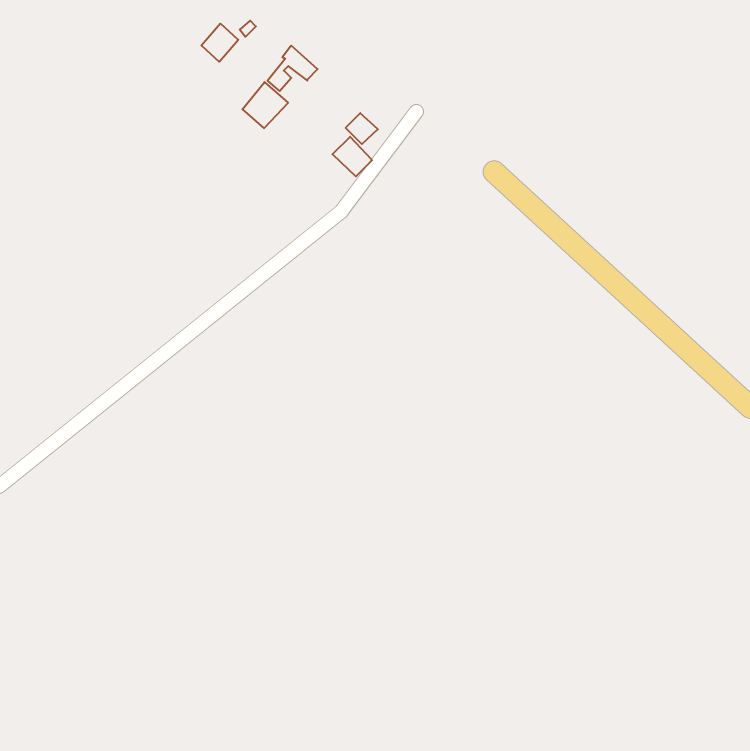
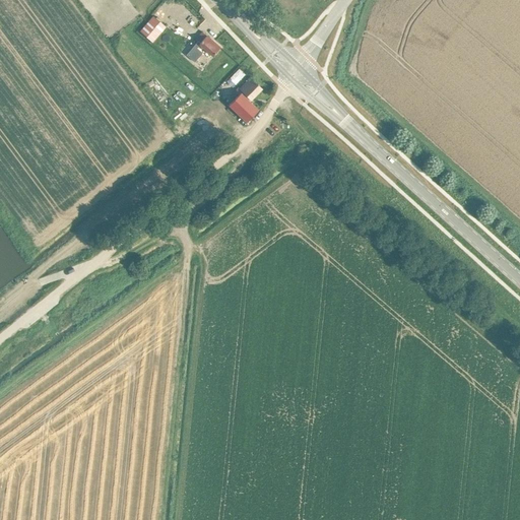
building: [242,82,288,128] -> none

